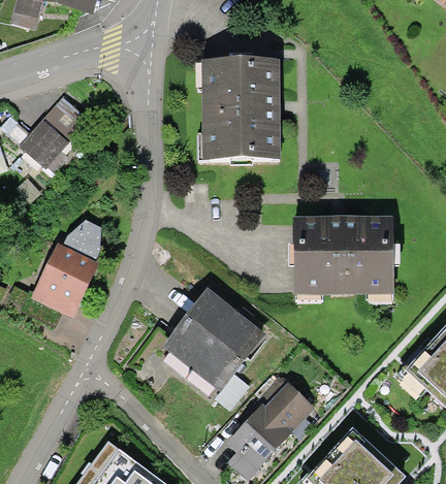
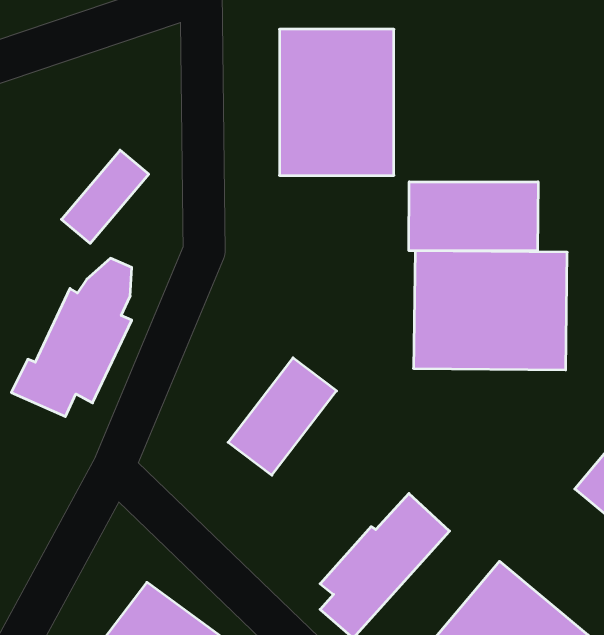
building: [27,102,87,166] -> [61,150,149,243]
building: none -> [409,182,538,251]
building: [194,311,266,410] -> none

